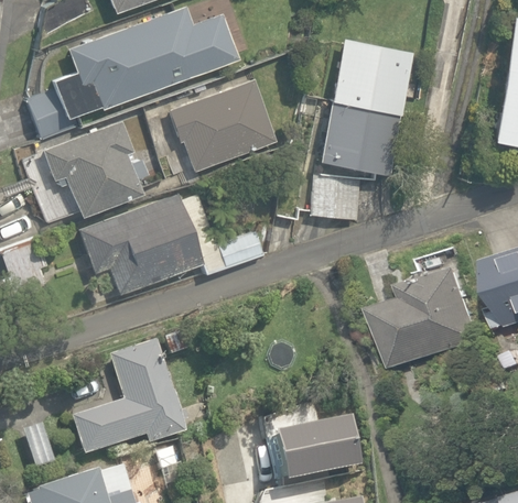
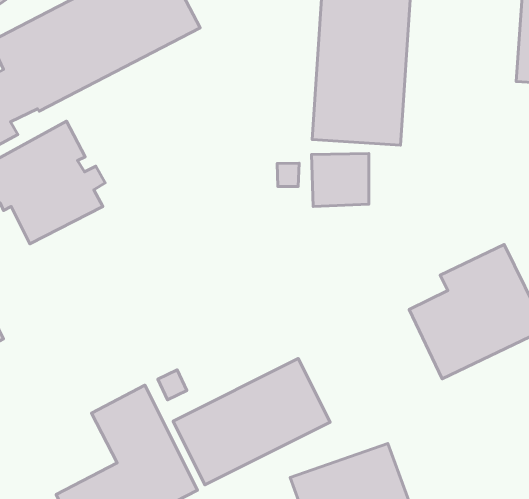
building: [170,79,279,171] -> none
building: [79,193,273,294] -> none
building: none -> [173,358,330,485]

